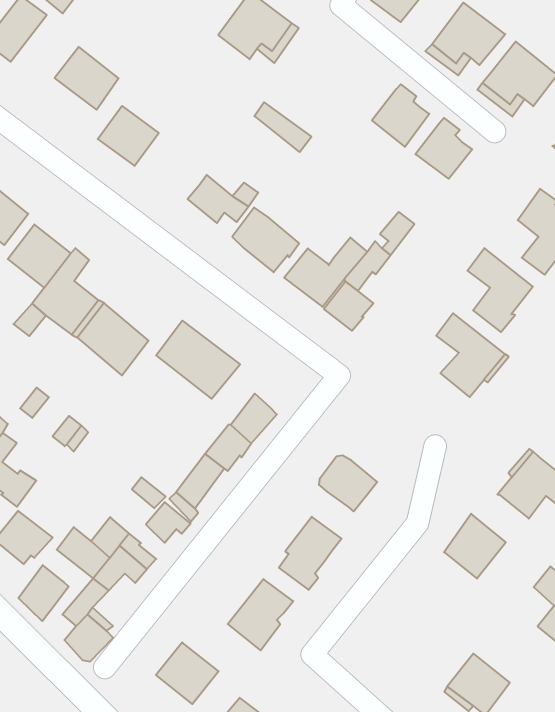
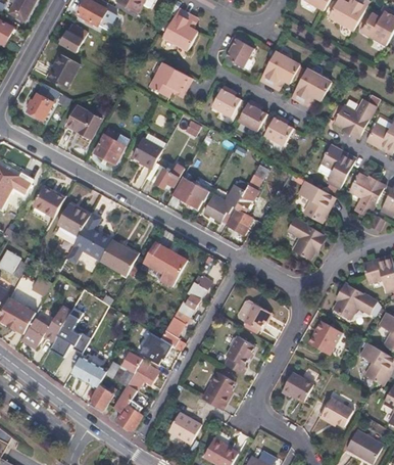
building: none -> [210,86,240,119]
building: none -> [133,137,162,170]
building: none -> [281,372,314,401]

